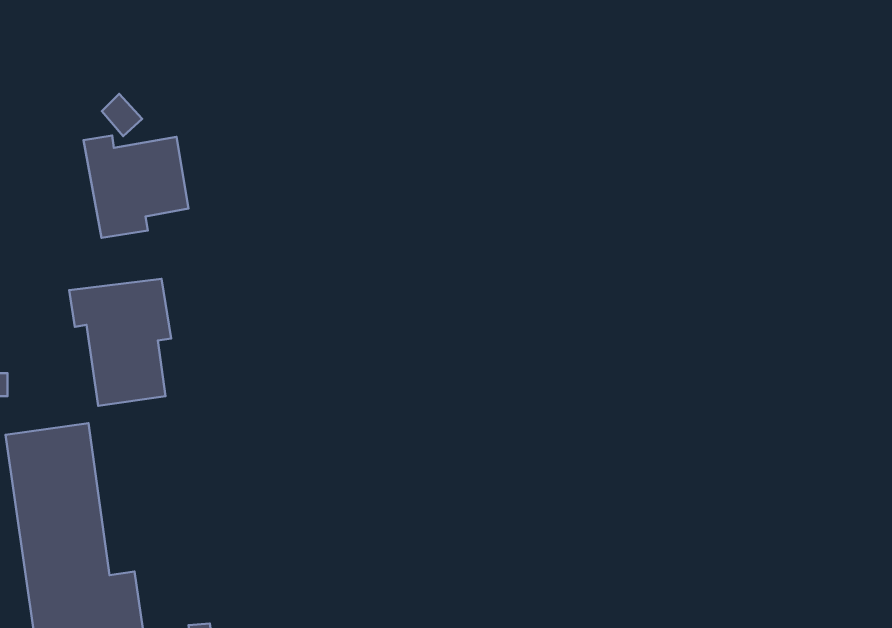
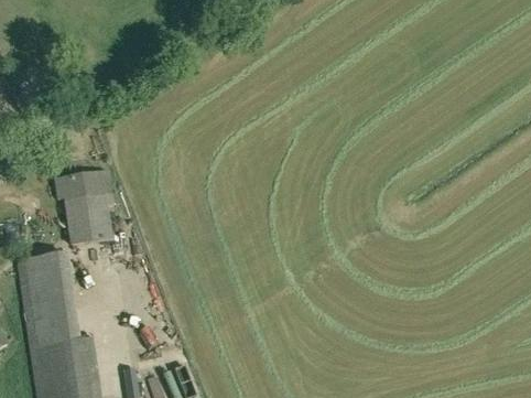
building: [84,136,188,238] -> none

